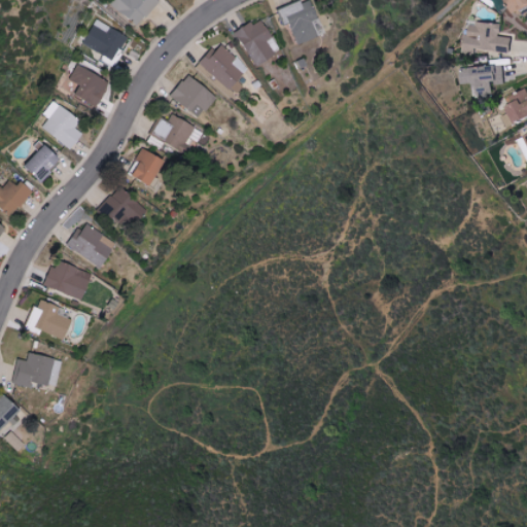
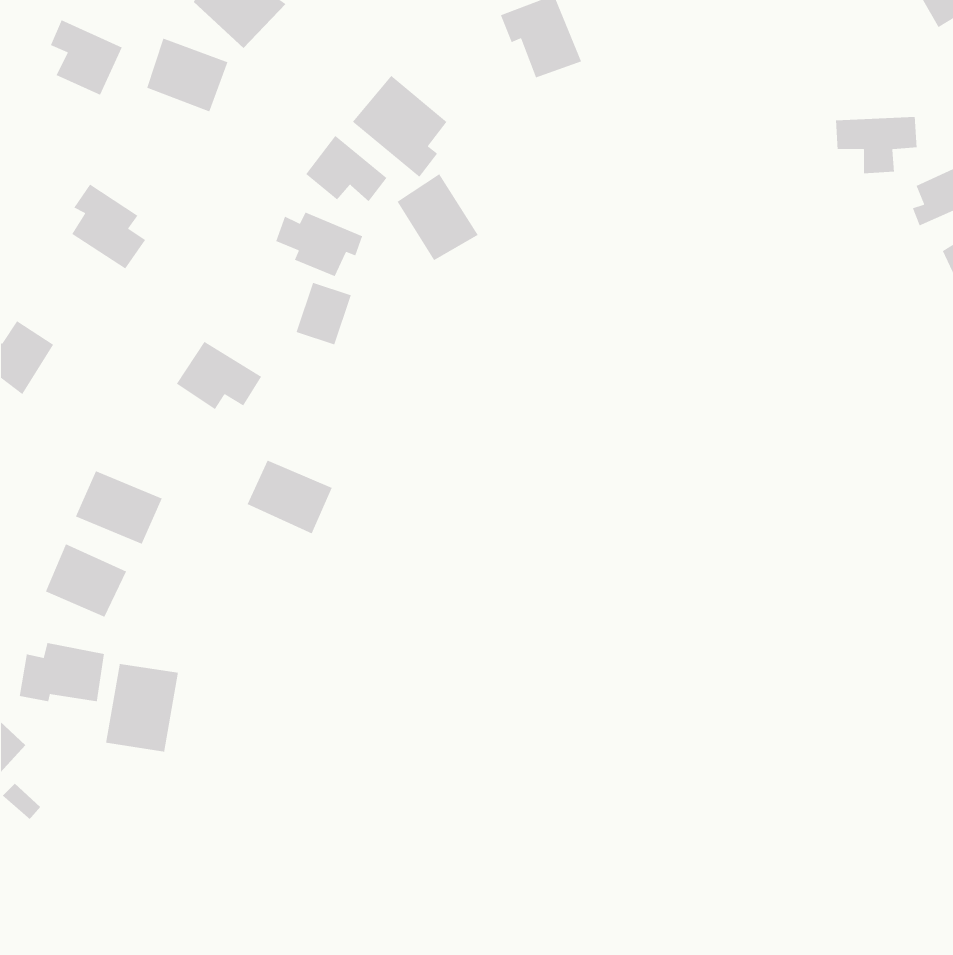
building: [235,16,280,65] -> [396,173,479,261]
building: [466,21,513,52] -> none
building: [68,65,108,107] -> [50,19,123,96]
building: [22,144,61,183] -> none
building: [129,150,160,185] -> [296,282,352,345]
building: [67,223,114,265] -> [247,460,333,534]
building: none -> [105,663,179,752]

